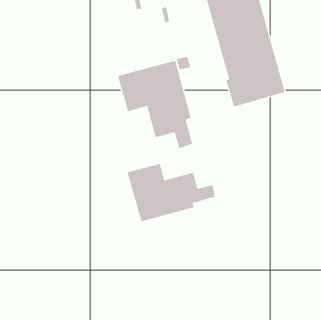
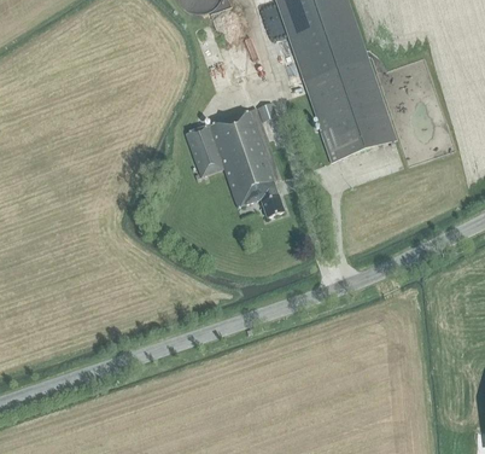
building: [127,163,215,222] -> none

